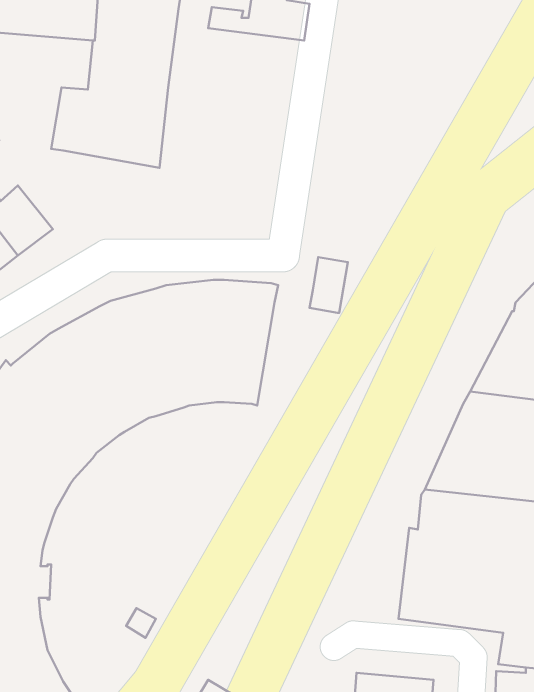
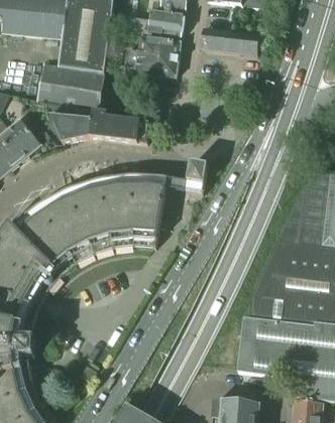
building: none -> [201,27,258,55]
building: none -> [125,36,181,77]
building: none -> [42,100,149,142]

